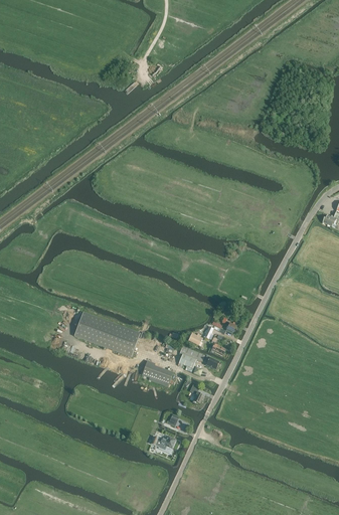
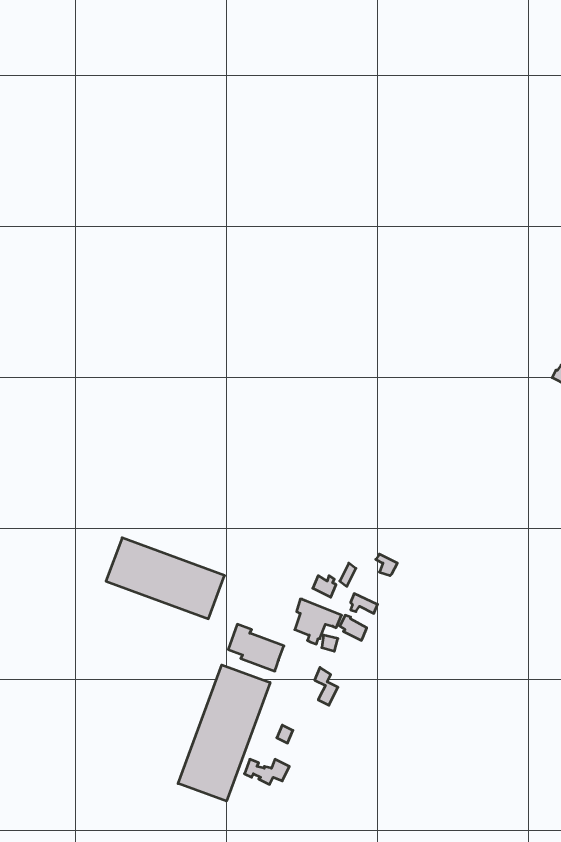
building: none -> [178,665,270,801]

